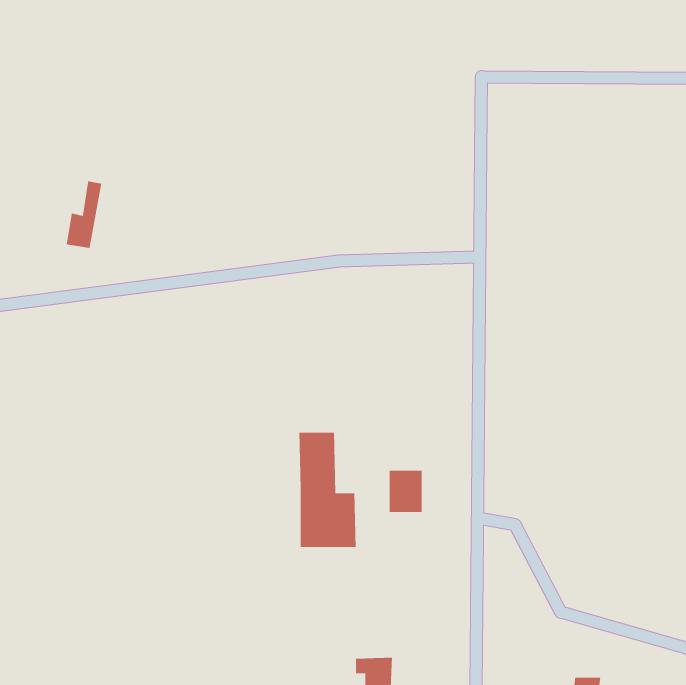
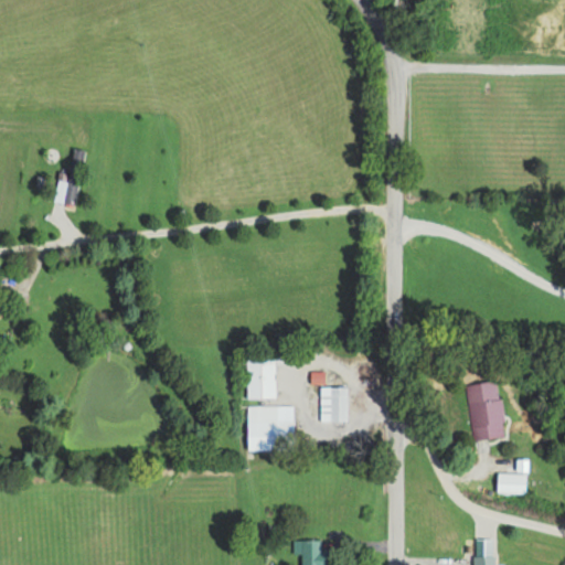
building: none -> [466,382,504,441]
building: none -> [498,475,525,493]

